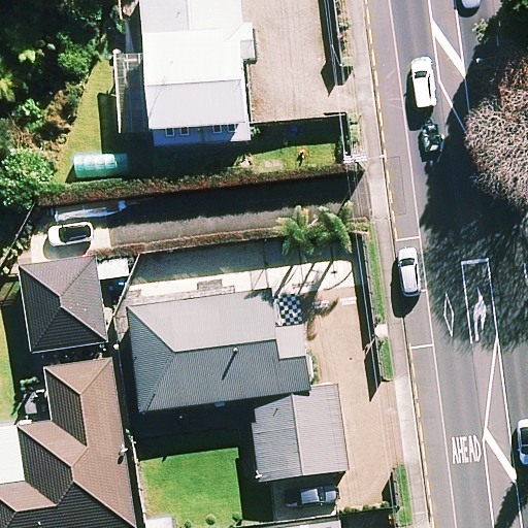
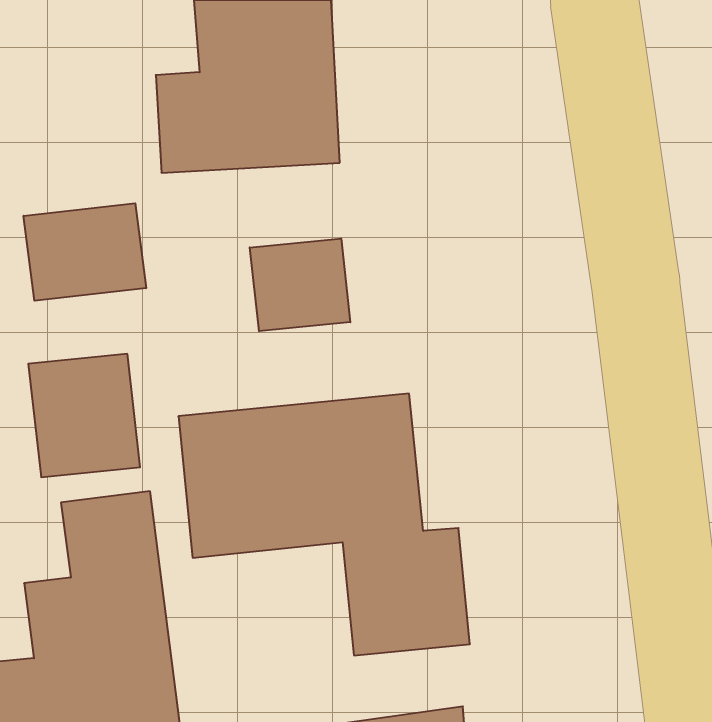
building: none -> [24,203,146,301]
building: none -> [250,238,350,331]

